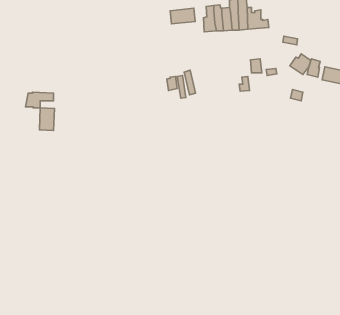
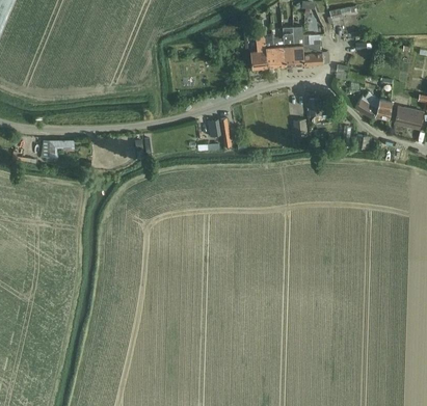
building: [170,8,195,24] -> none
building: [39,108,55,131] -> none

